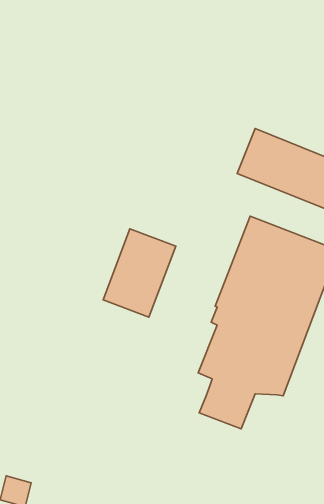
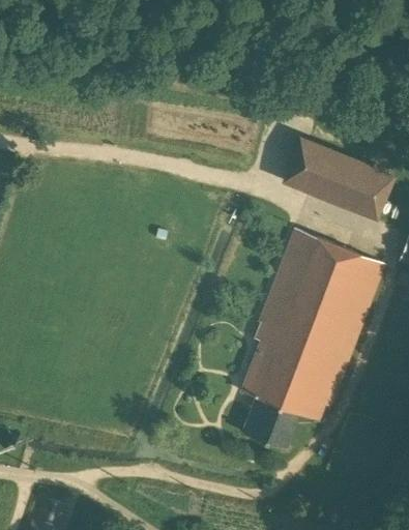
building: [103,229,176,317] -> none

